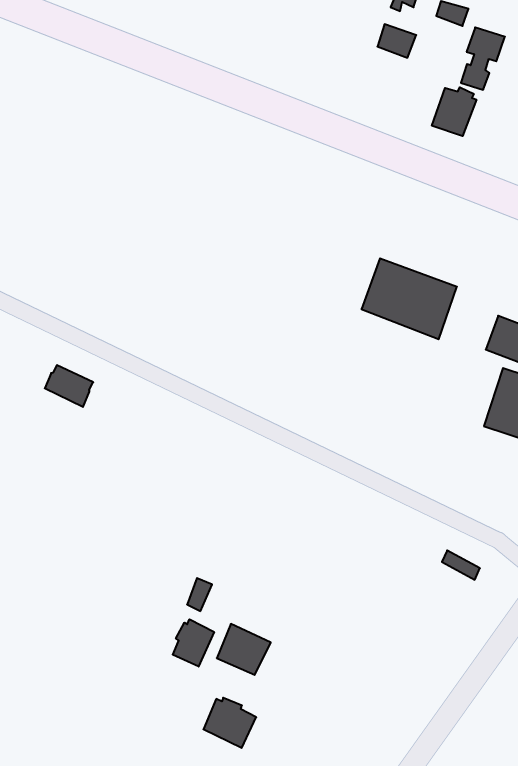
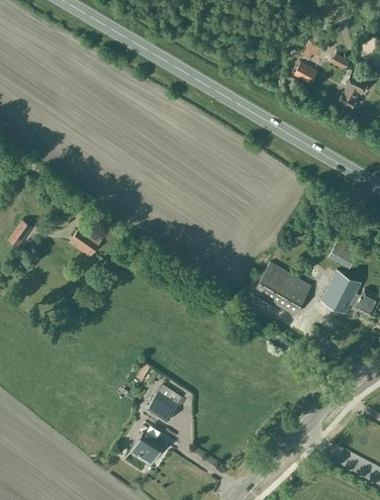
building: [432,87,476,136] -> none
building: [361,258,457,339] -> [256,264,312,315]
building: [173,619,214,667] -> none

